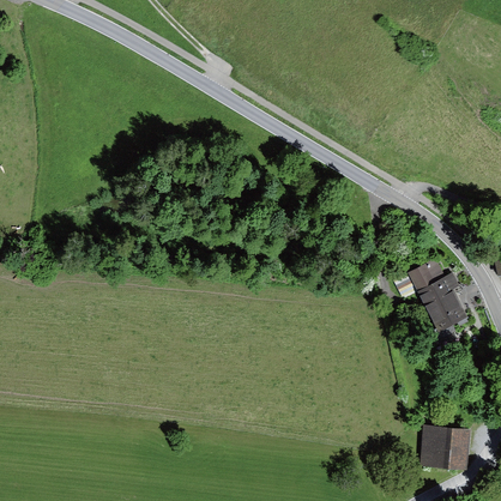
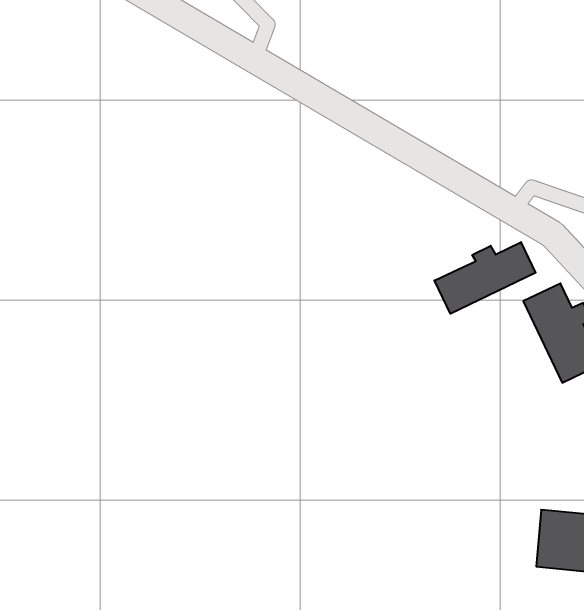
building: none -> [434,242,536,314]

